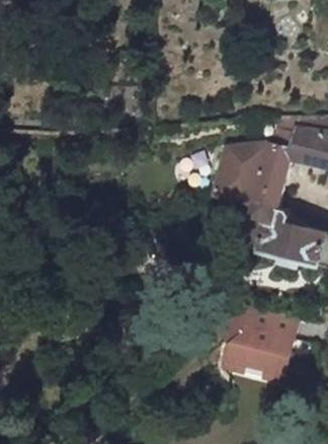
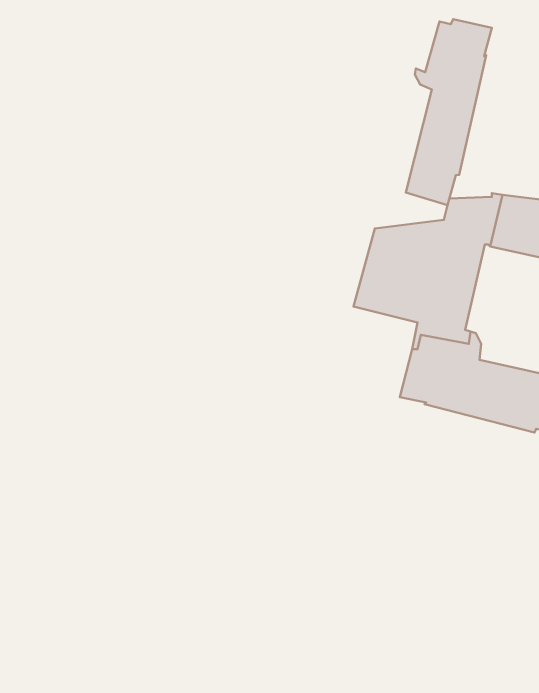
building: none -> [406,19,492,205]
building: [219,307,298,382] -> none

